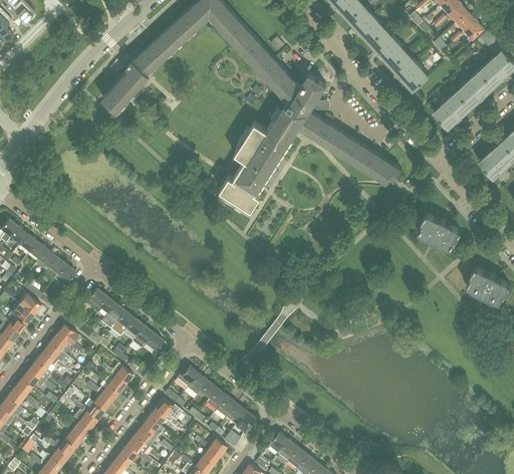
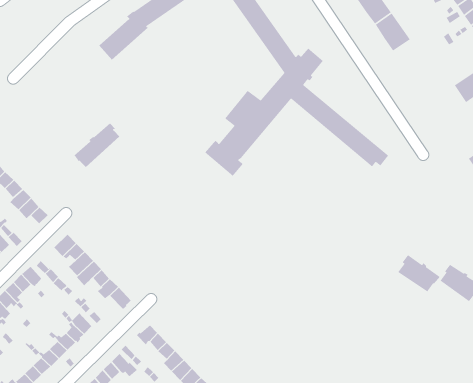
building: [392,53,429,90] -> none
building: [434,92,470,129] -> none
building: none -> [73,123,120,168]
building: [418,214,461,249] -> [397,254,441,293]

